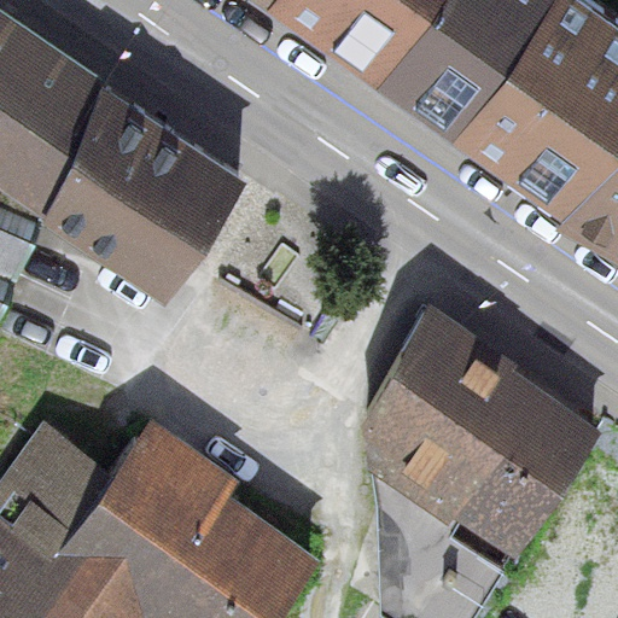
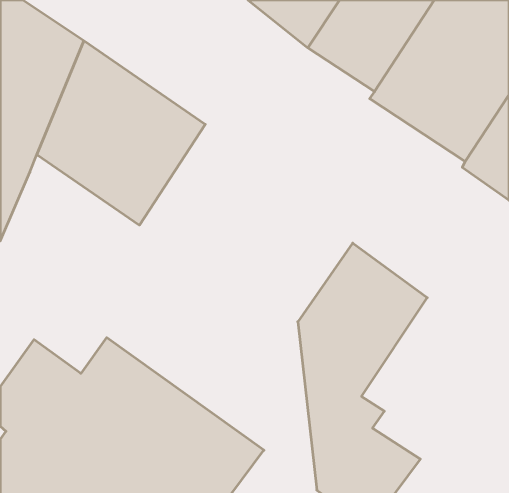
building: [438,380,604,556] -> none

